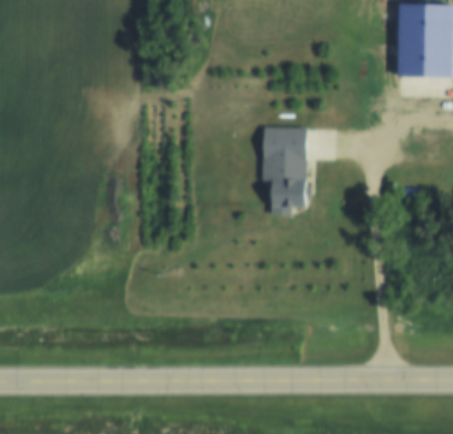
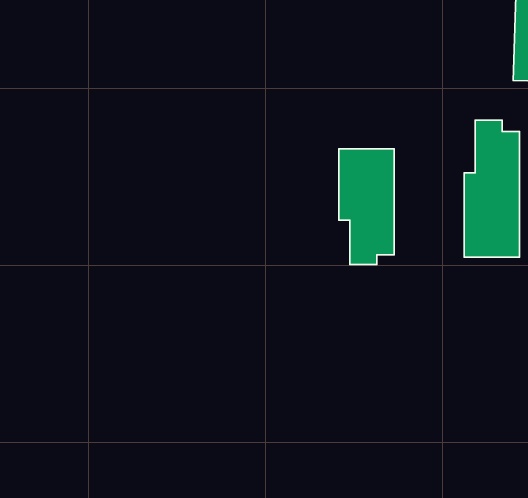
building: none -> [464,120,519,257]

